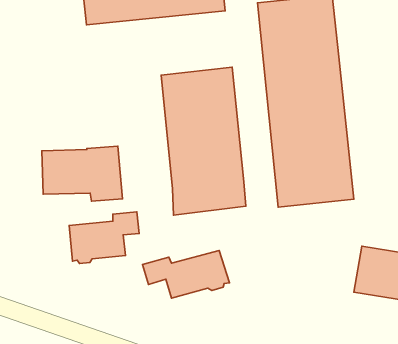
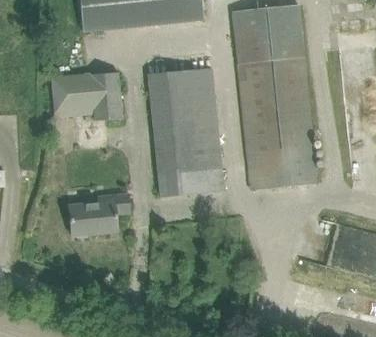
building: [42,146,122,201] -> [51,72,121,120]
building: [142,250,229,298] -> none

